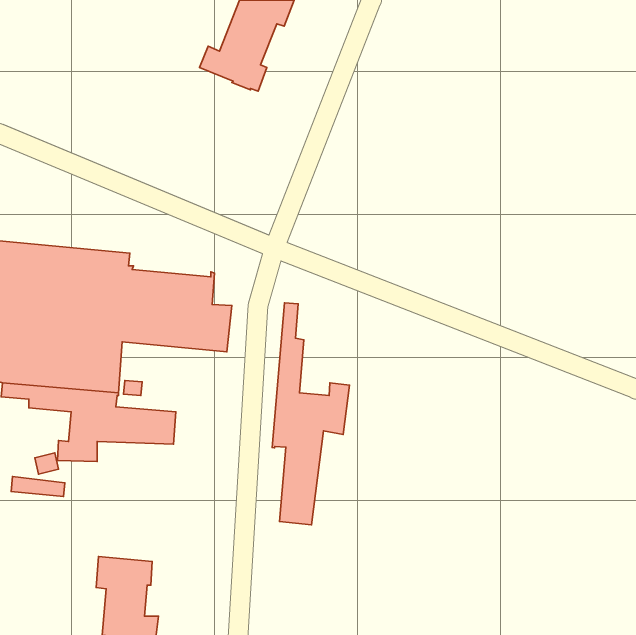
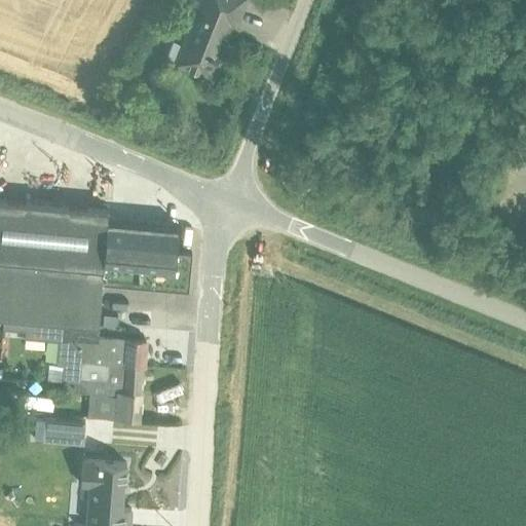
building: [272,303,349,525] -> none
building: none -> [80,366,143,421]
building: none -> [34,420,84,444]

